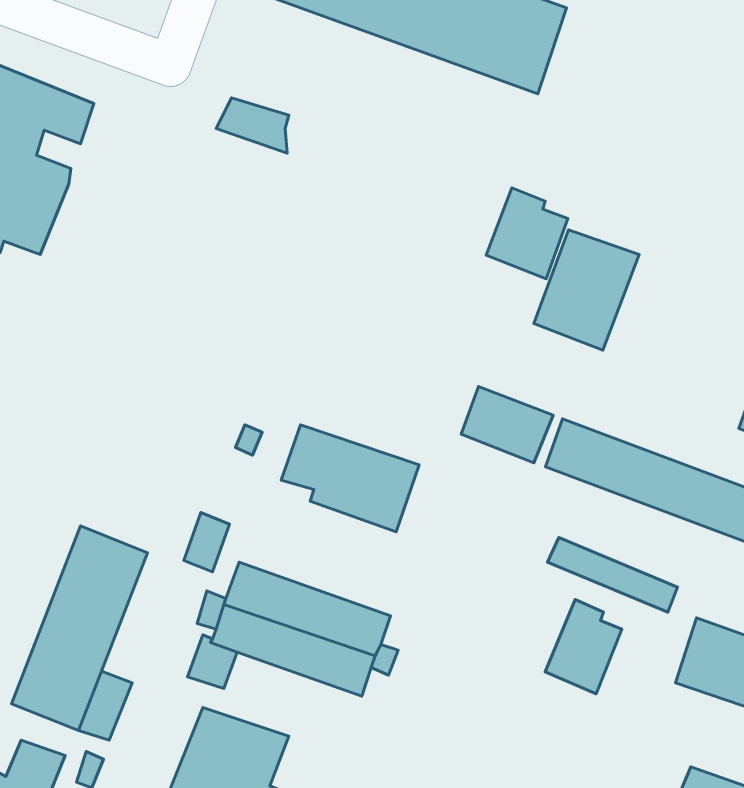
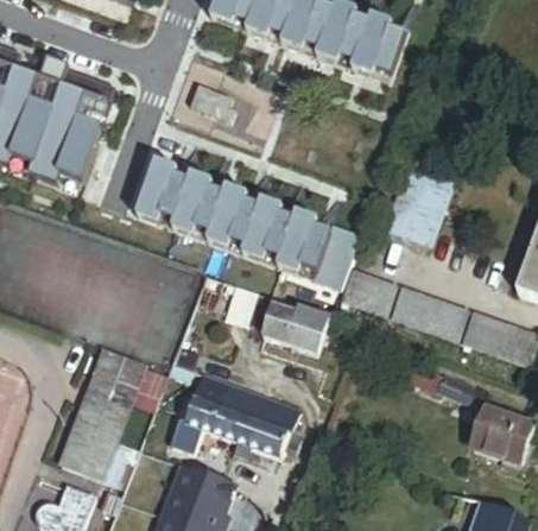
building: [486,188,568,279] -> none
building: none -> [135,164,359,287]
building: [545,600,622,694] -> none

